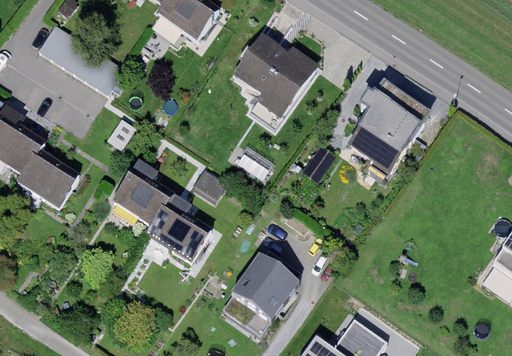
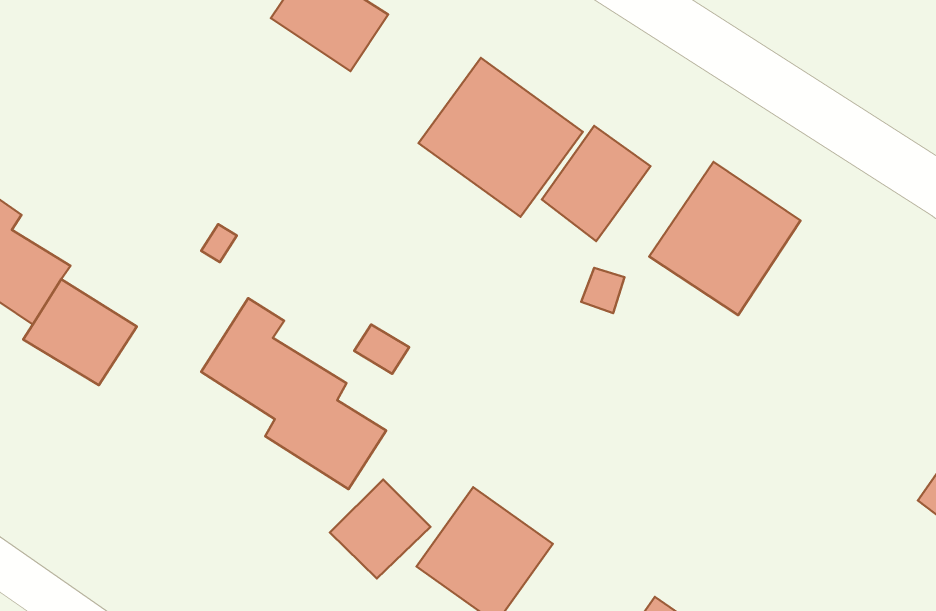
building: [38,25,124,94] -> none
building: none -> [542,126,650,241]
building: none -> [330,479,431,578]

